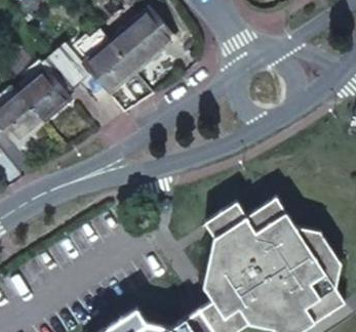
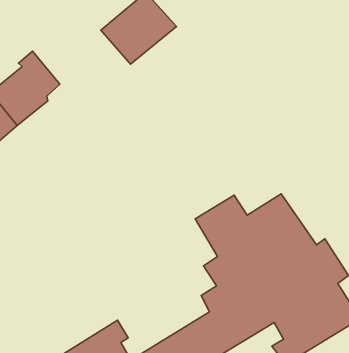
building: [53,47,139,98] -> none

